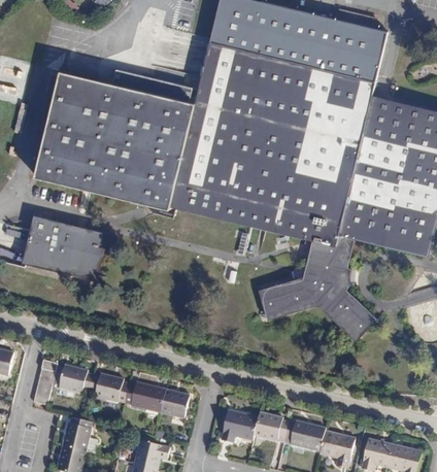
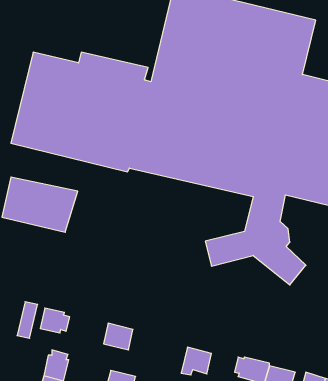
building: [95,375,129,405] -> none
building: [167,392,195,422] -> none
building: [259,414,294,444] -> none

